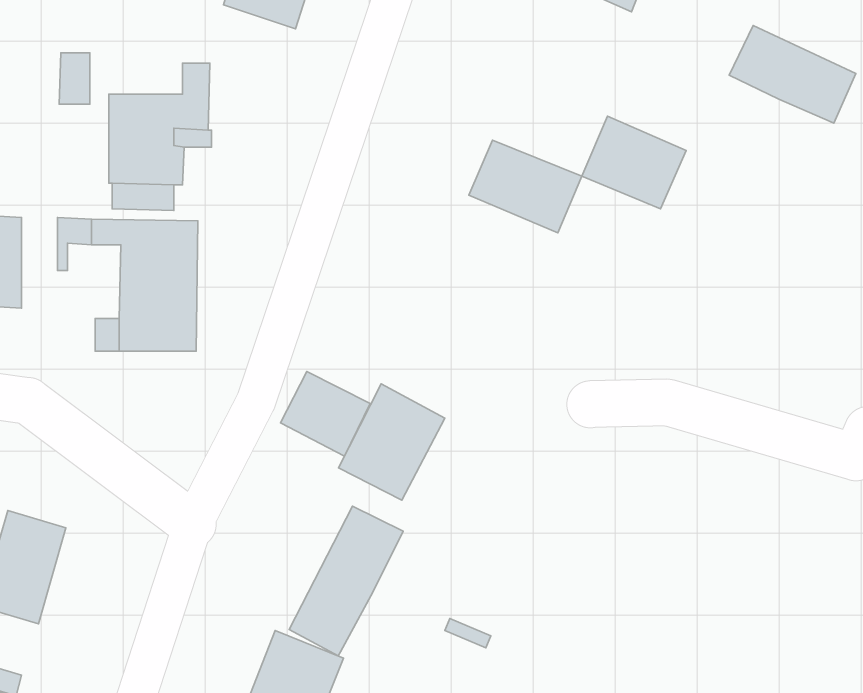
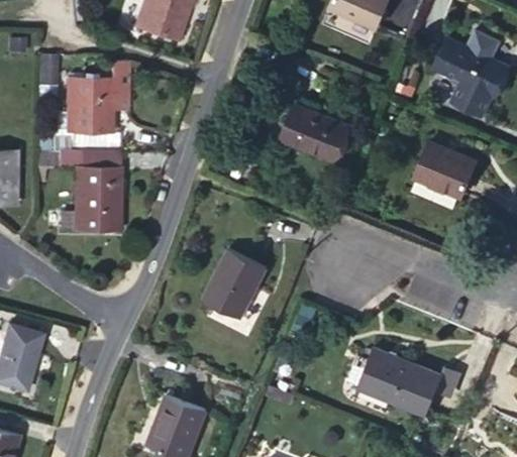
building: none -> [453,82,494,116]
building: [582,116,686,209] -> [415,142,477,197]
building: [280,371,370,456] -> none
building: [289,506,403,656] -> none
building: none -> [357,348,443,417]

